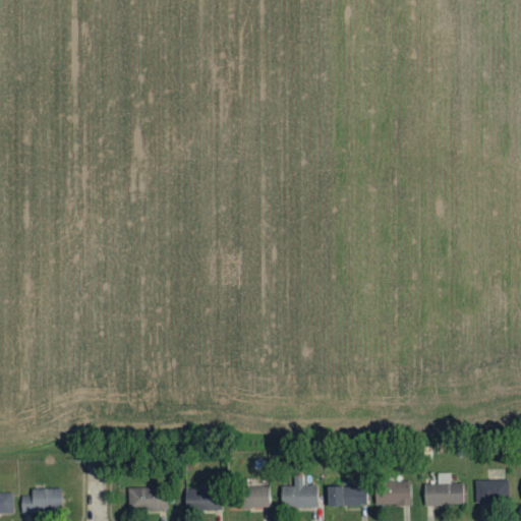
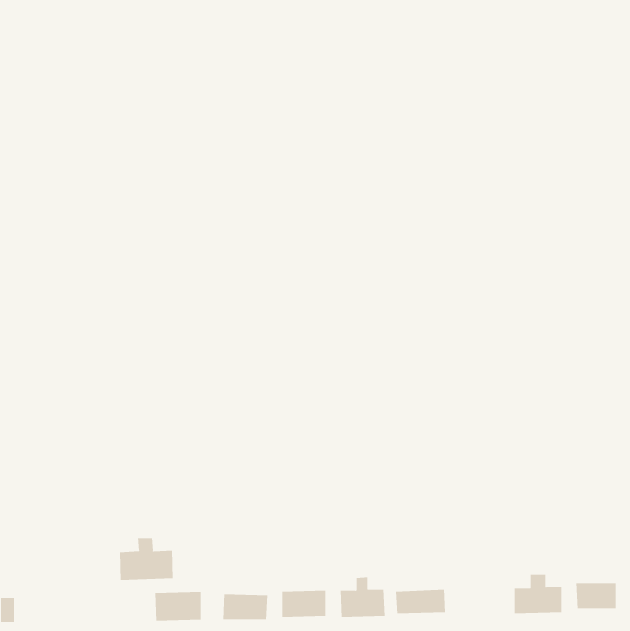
building: none -> [119,538,173,581]
building: [377,481,411,506] -> none
building: [21,488,62,512] -> none

